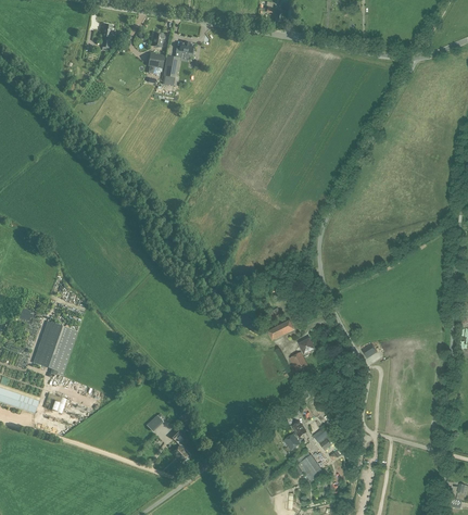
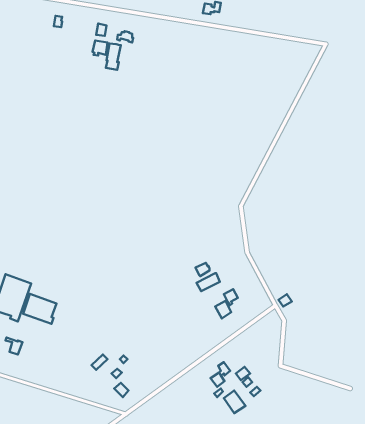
building: none -> [23,294,57,324]

